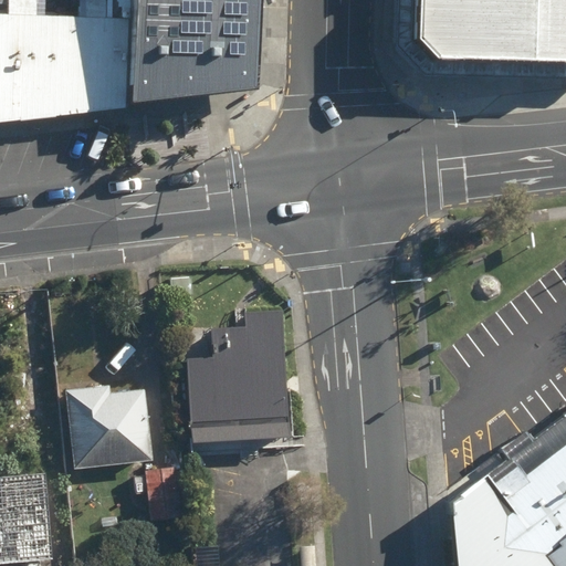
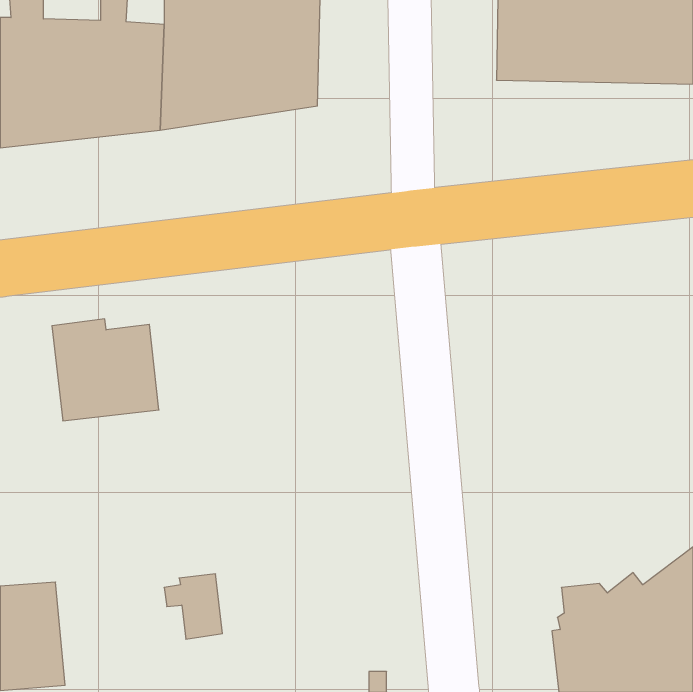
building: [189,311,287,434] -> none
building: [65,386,153,469] -> [52,319,159,421]

